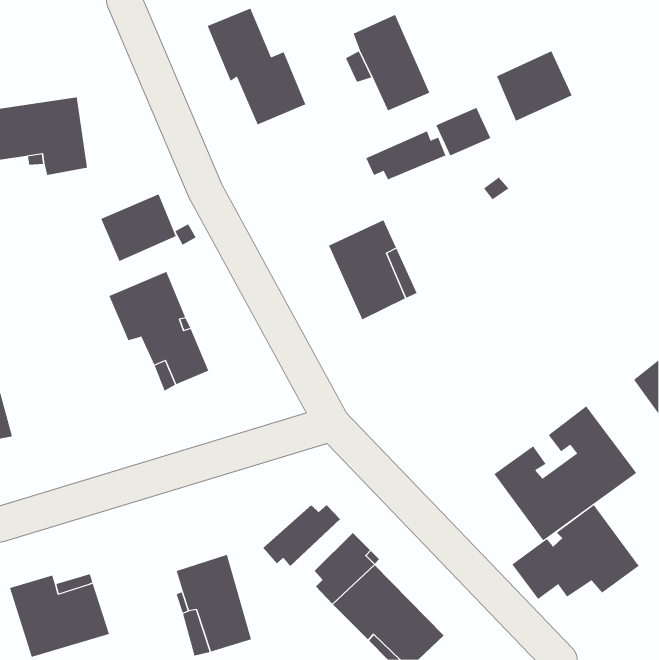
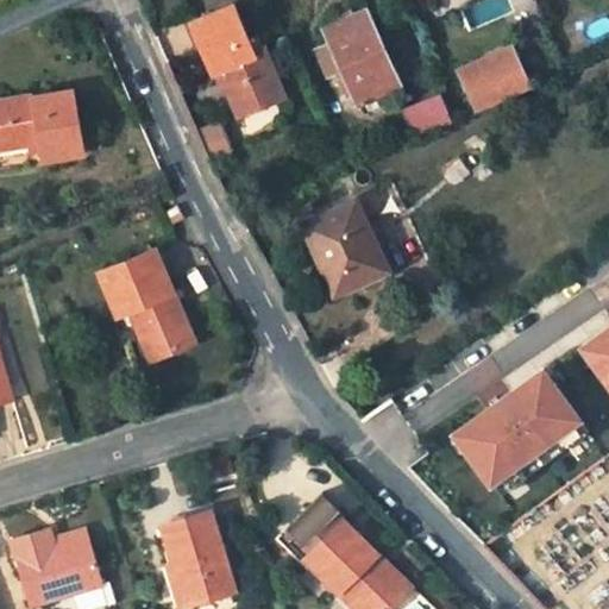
building: [366,130,446,180] -> none
building: [100,193,177,262] -> none
building: [263,504,341,567] -> none
building: [512,504,640,600] -> none

